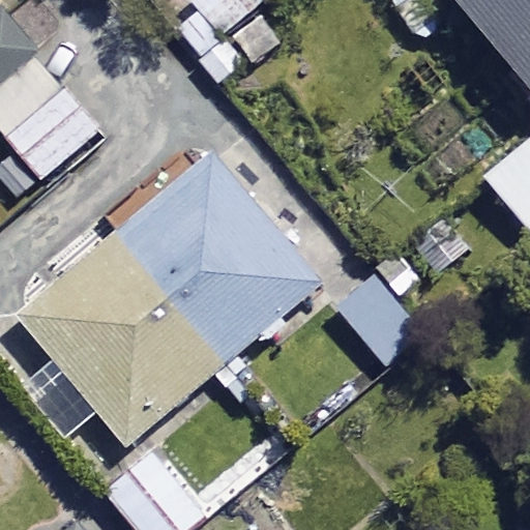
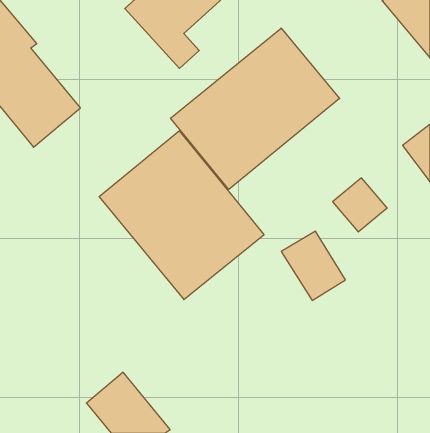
building: none -> [171,28,340,189]
building: [23,238,223,442] -> none

